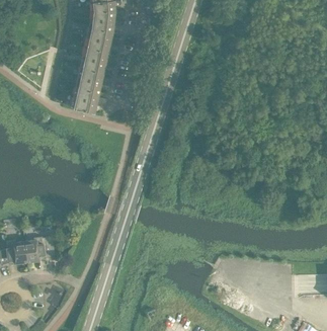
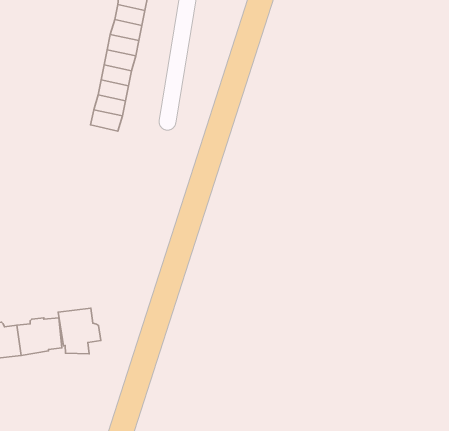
building: none -> [58,308,101,354]

